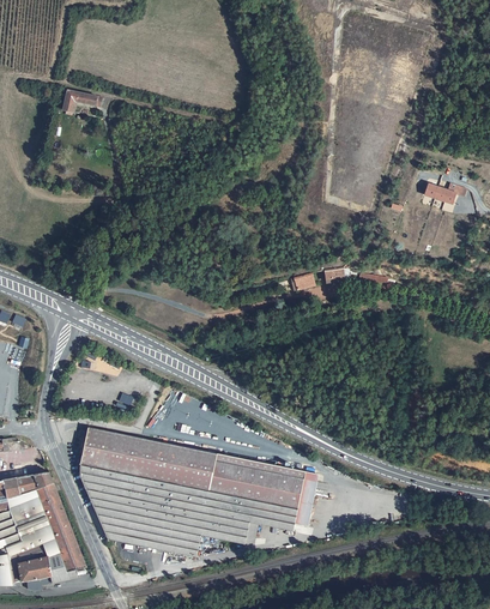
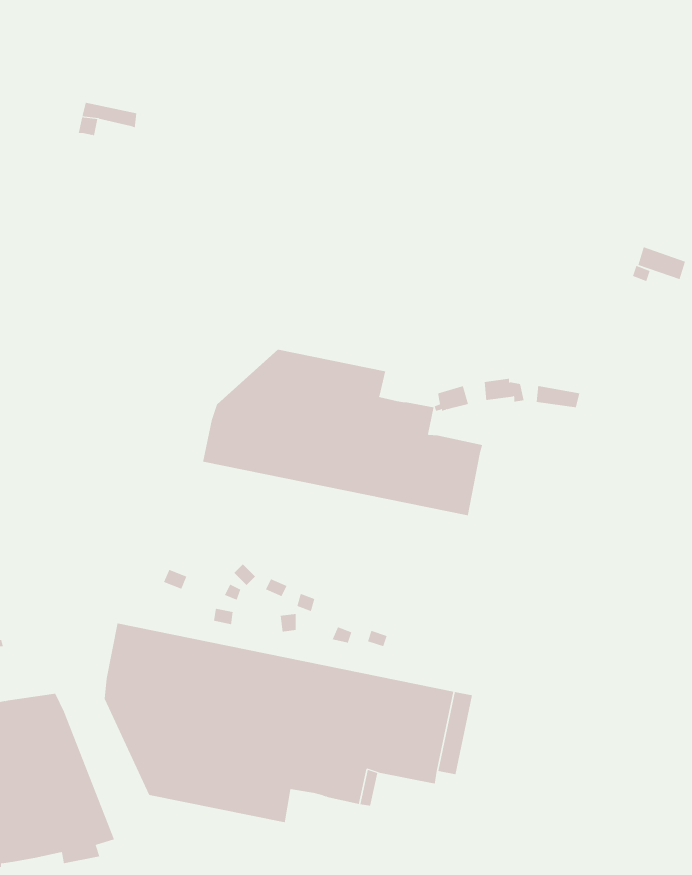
building: none -> [203,349,483,516]

